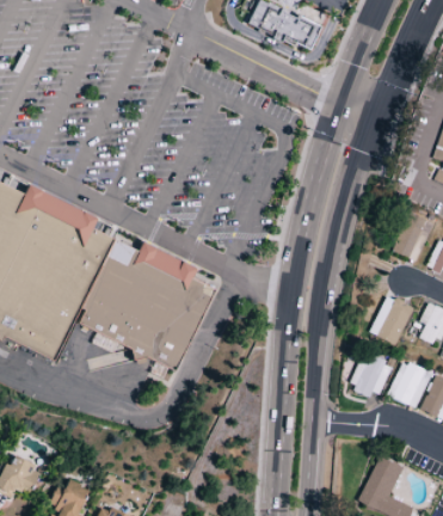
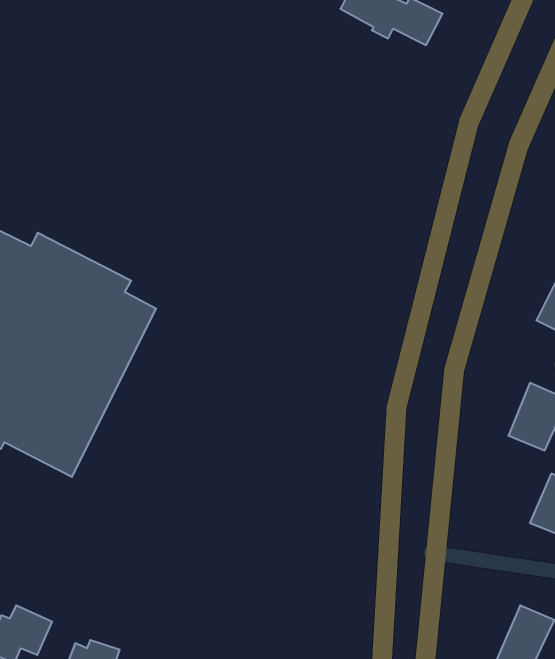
building: [79,240,216,371] -> none
building: [347,351,392,395] -> none

